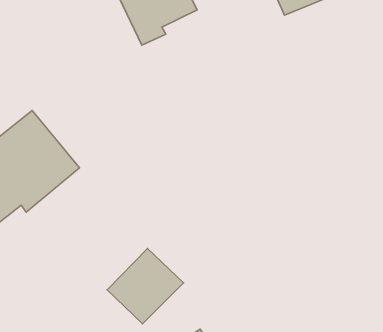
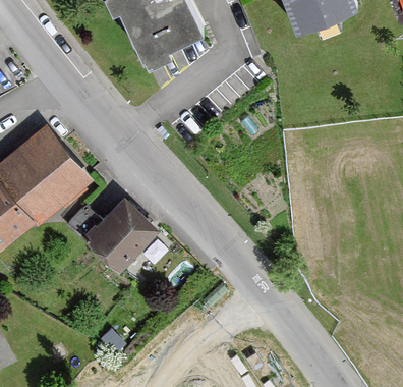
building: [107,249,184,324] -> [78,202,156,278]

